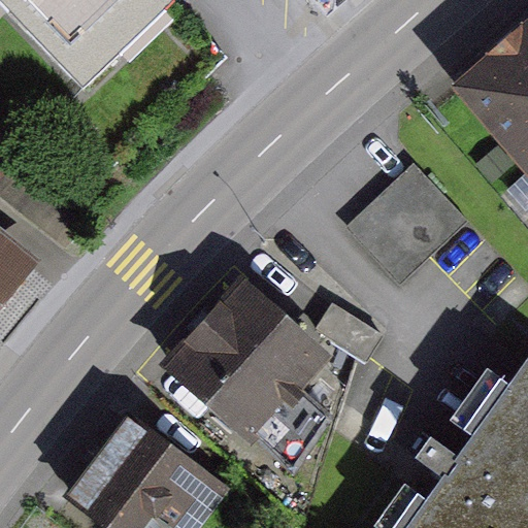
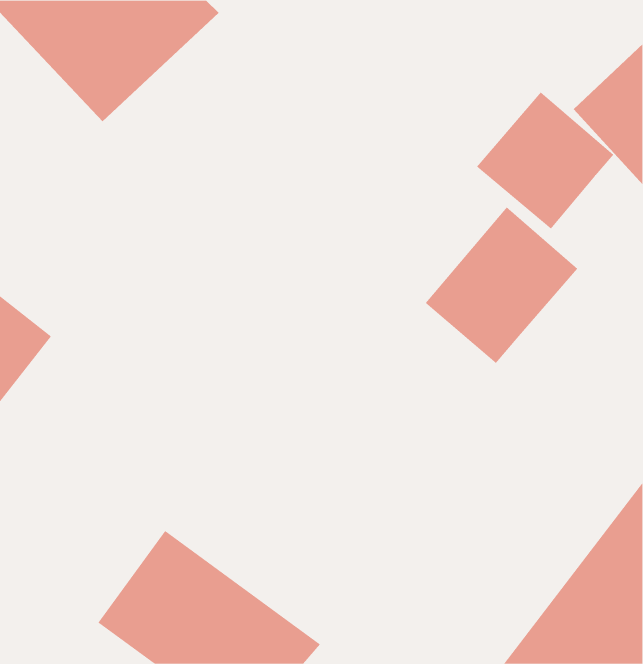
building: none -> [476,92,614,229]
building: [178,266,344,434] -> none

